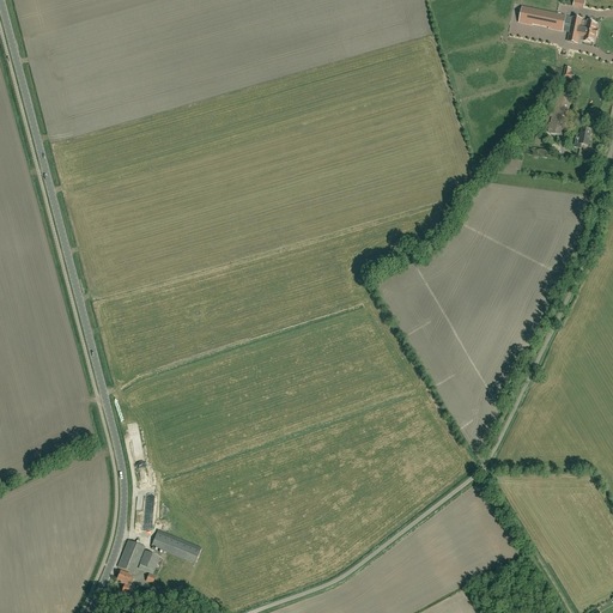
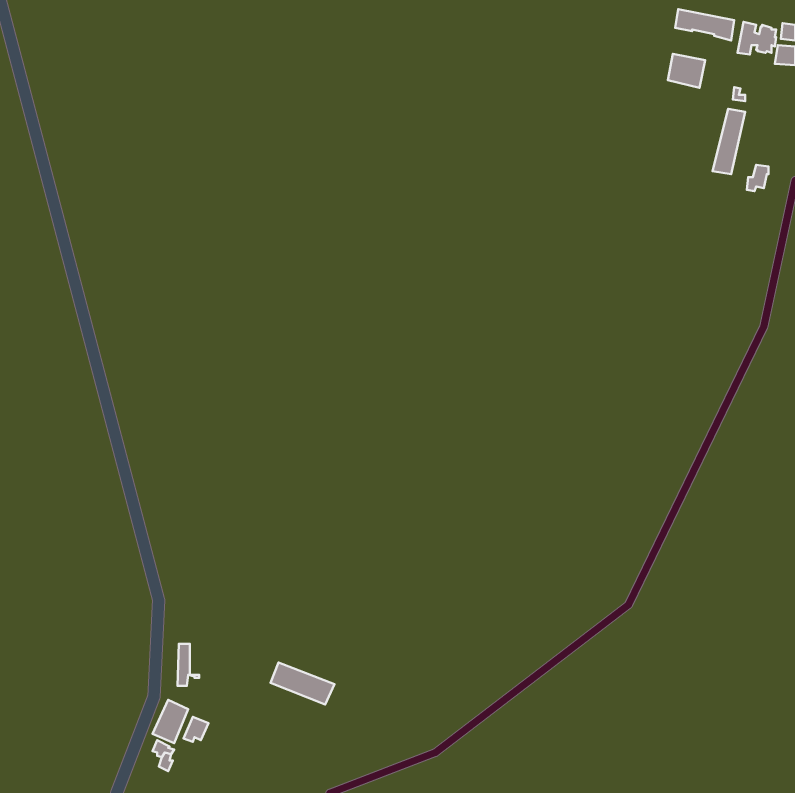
building: none -> [668,54,705,88]
building: [152,529,201,562] -> [271,663,334,704]

